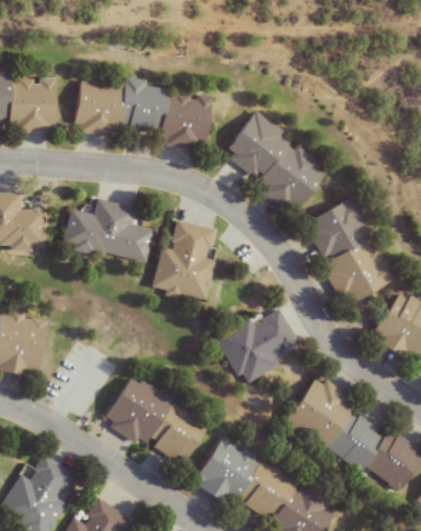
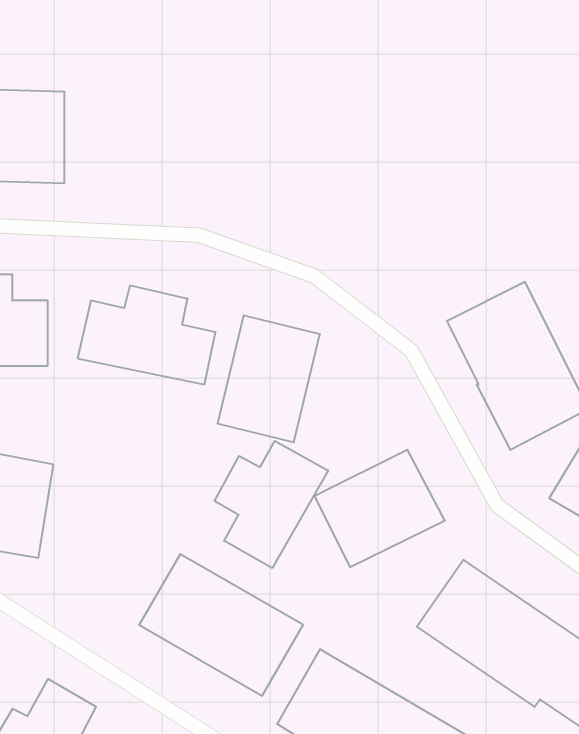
building: [74,80,212,152] -> none
building: [223,113,329,216] -> none
building: none -> [215,441,328,568]

